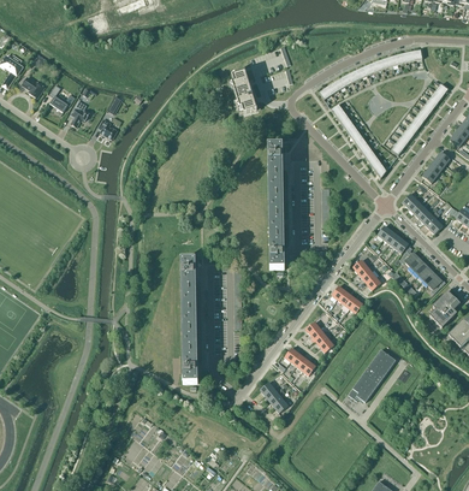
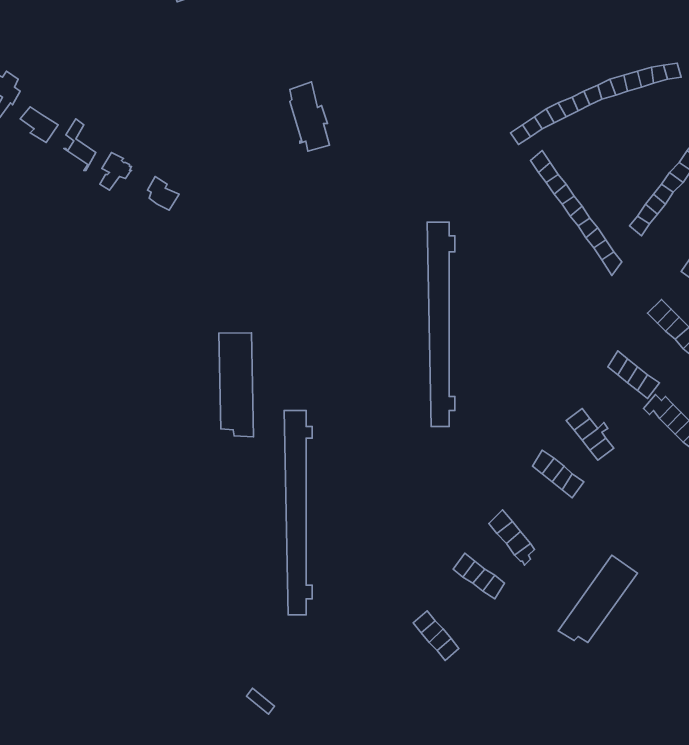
building: [232,72,256,114] -> [290,82,330,151]
building: none -> [219,333,254,437]

